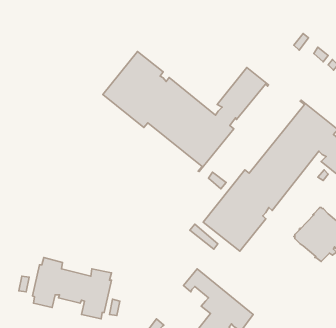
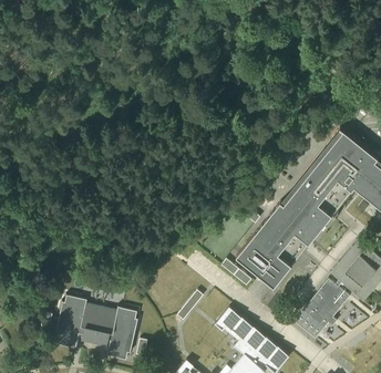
building: [103,51,268,172] -> none
building: none -> [294,279,349,340]

